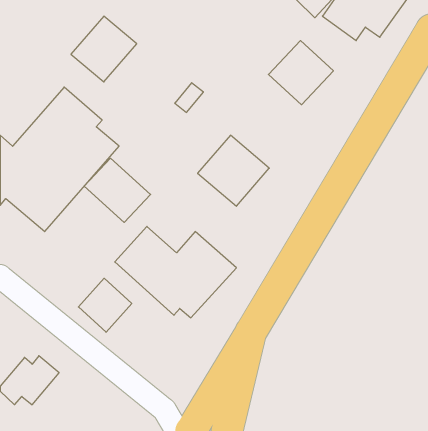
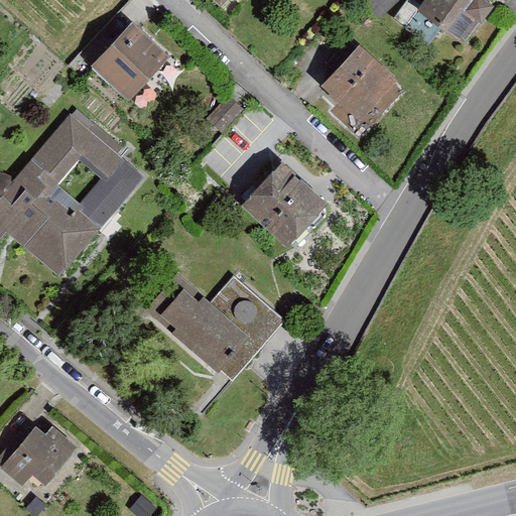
building: [84,158,151,222] -> none
building: [78,278,132,332] -> none

